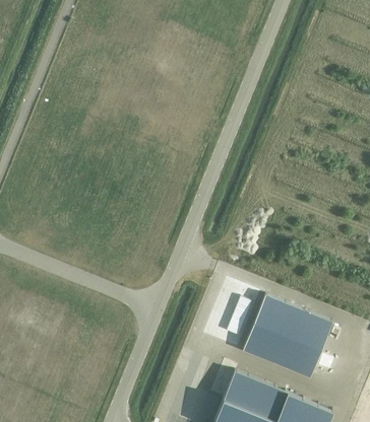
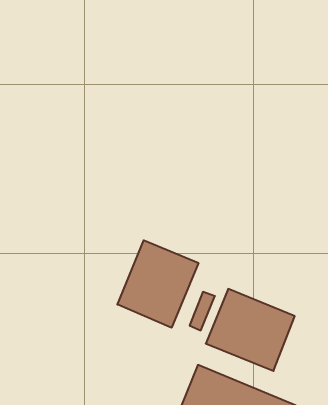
building: none -> [117,240,198,328]

